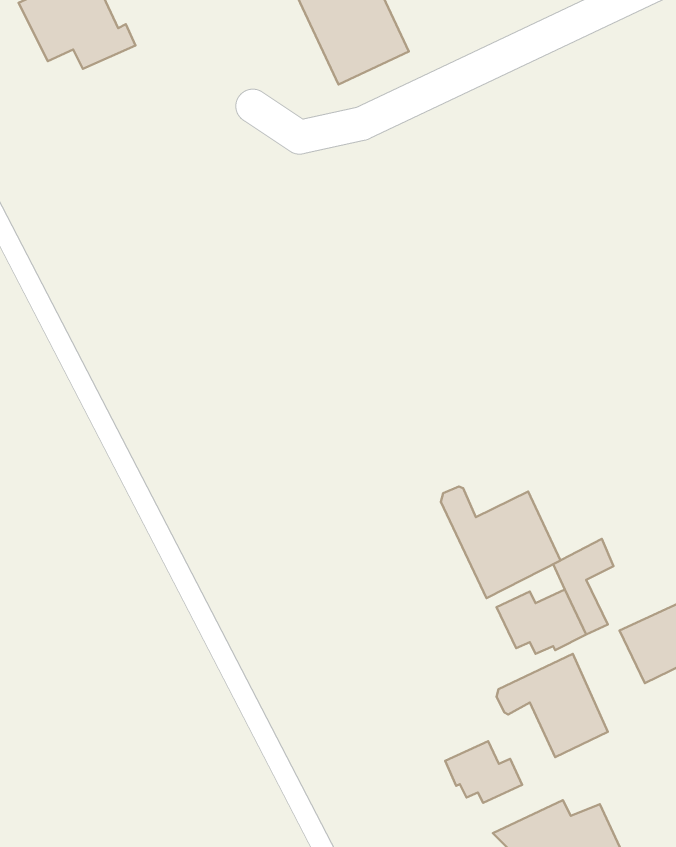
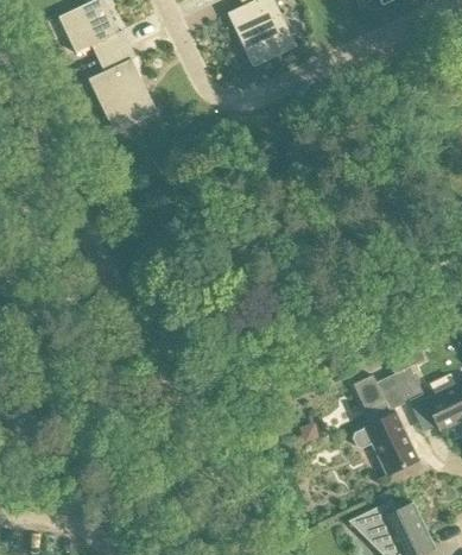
building: none -> [90,43,159,133]
building: [441,486,561,598] -> none
building: [445,741,522,803] -> none

